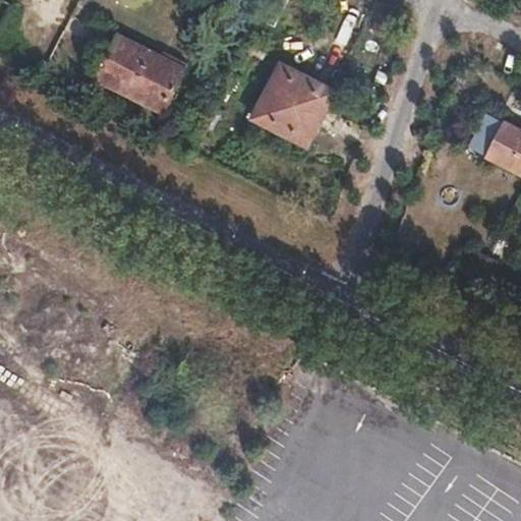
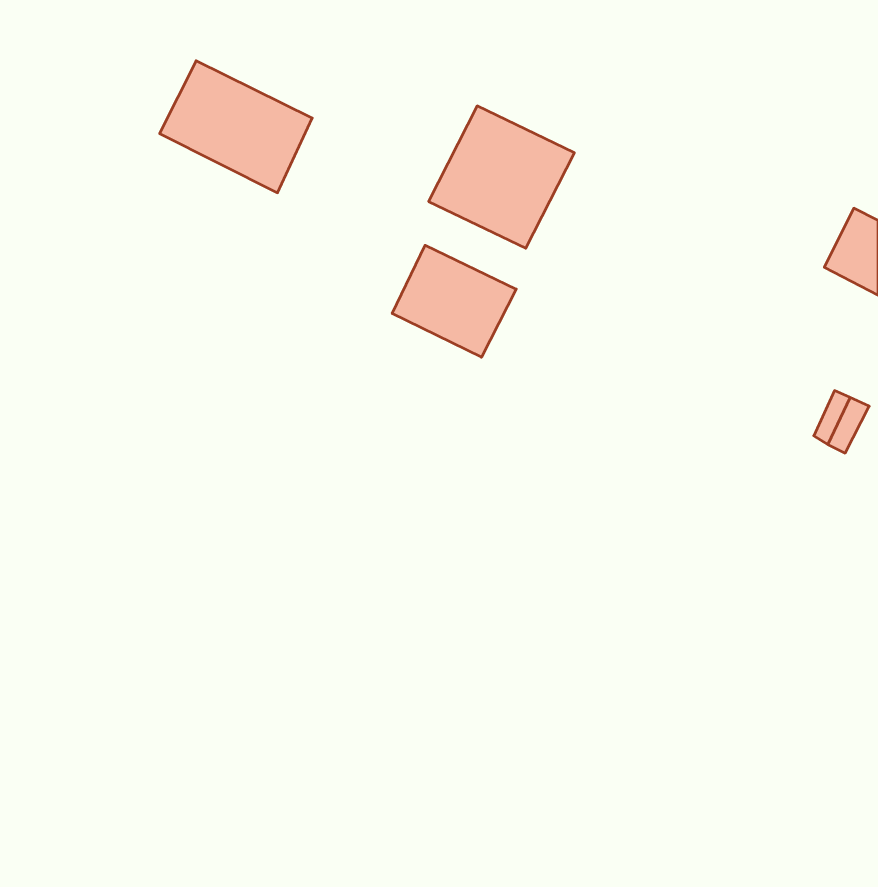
building: none -> [392,245,516,357]

